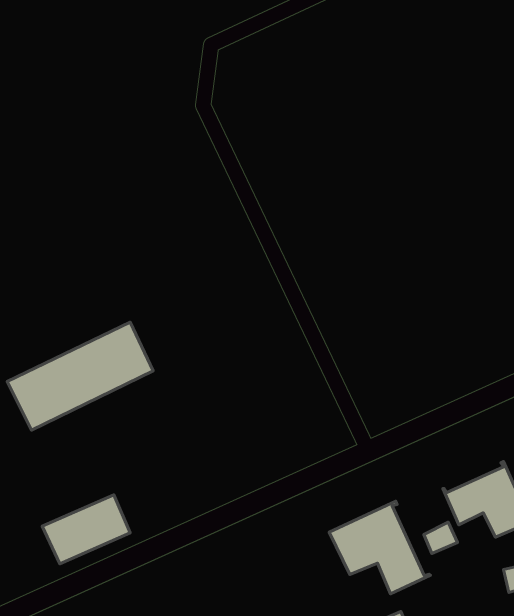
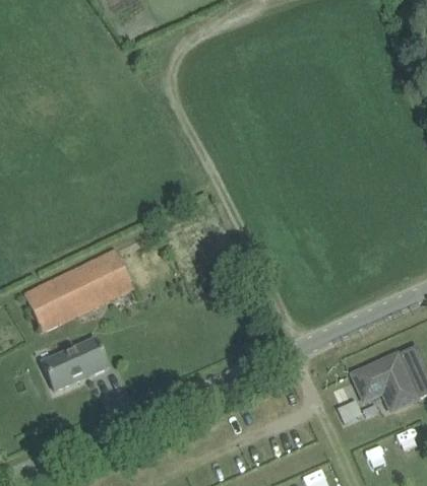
building: [42,495,130,564] -> [42,338,108,390]
building: [329,501,430,594] -> none

